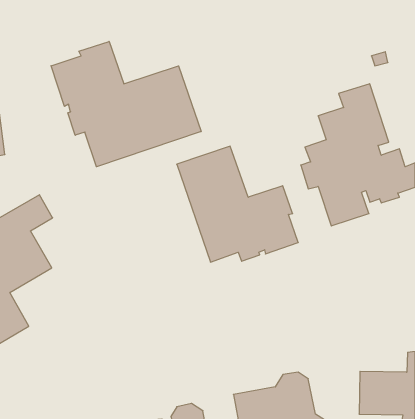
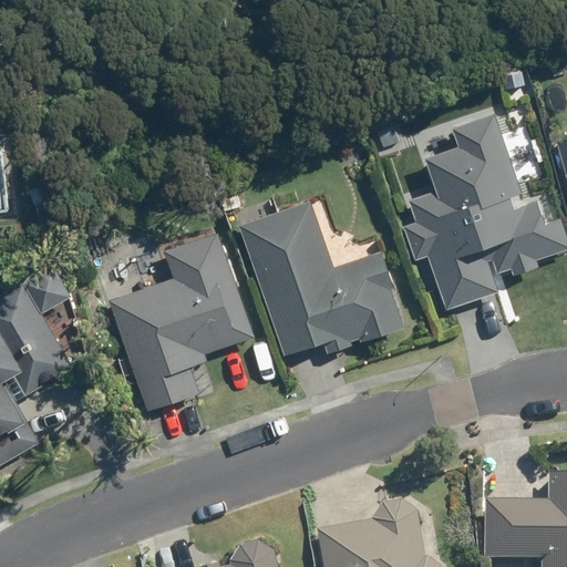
building: [51,41,201,167] -> none
building: none -> [109,231,255,410]

